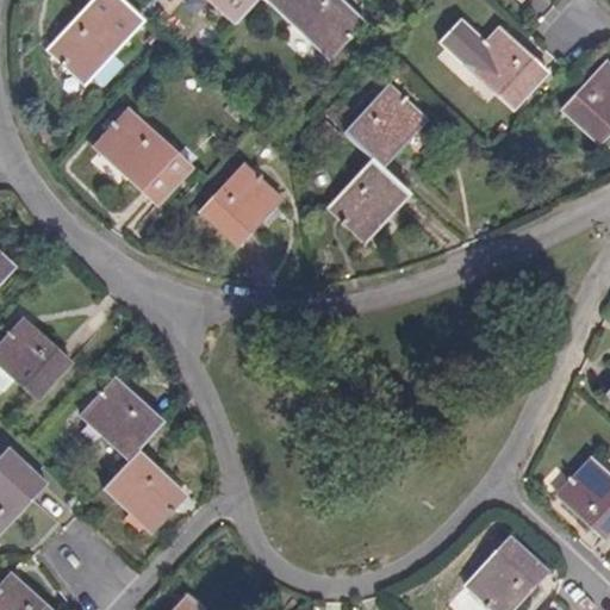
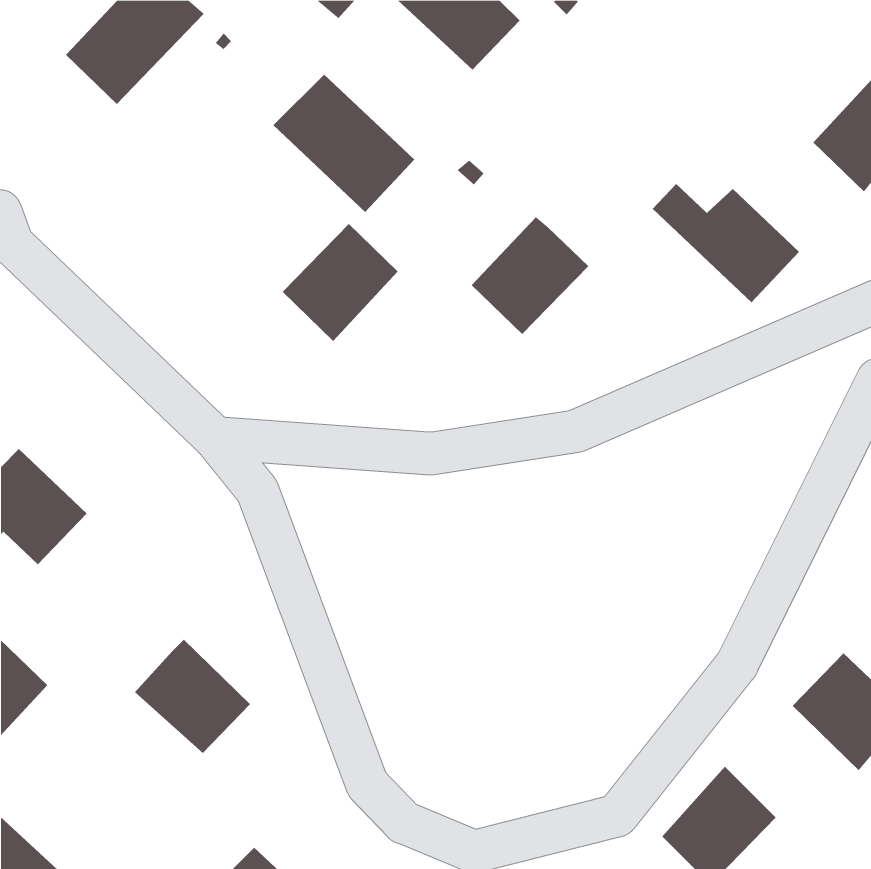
building: [447,23,549,106] -> [652,183,800,303]
building: [348,81,429,163] -> none
building: [94,105,193,201] -> [273,74,415,213]
building: [76,376,157,458] -> none

